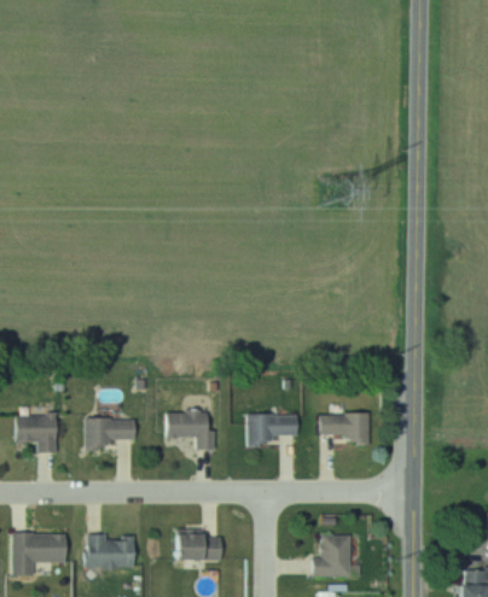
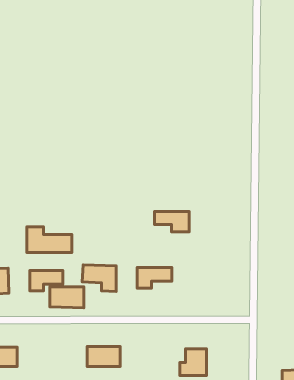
building: none -> [27,227,72,253]
building: [319,414,371,444] -> [155,212,189,232]
building: [86,535,136,567] -> [50,287,84,308]

